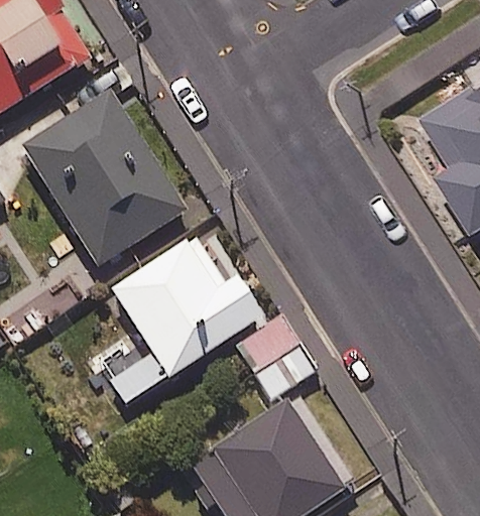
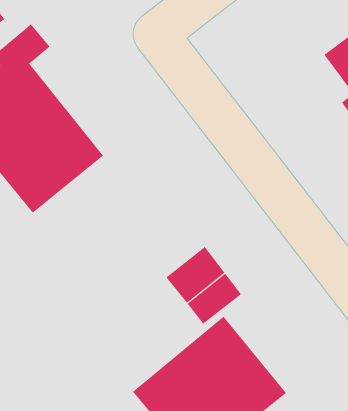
building: [107,235,263,404] -> none

